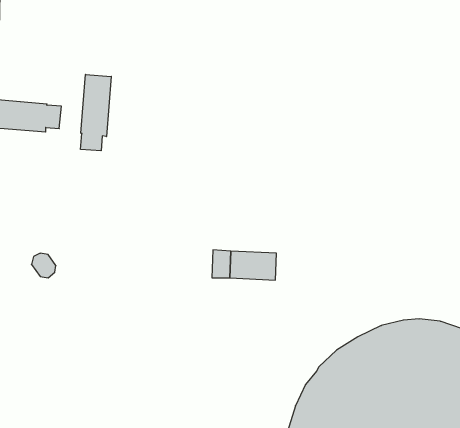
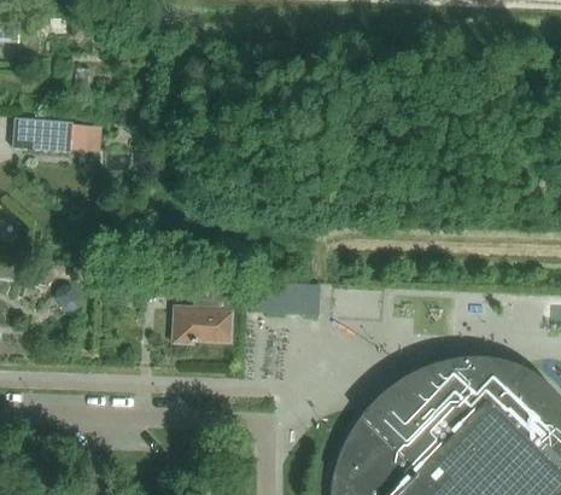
building: [81,74,111,151] -> none
building: none -> [169,278,232,346]

